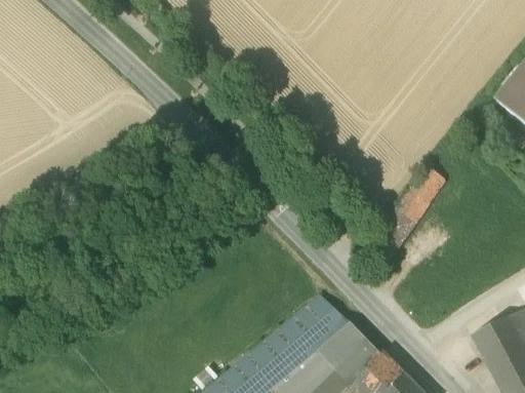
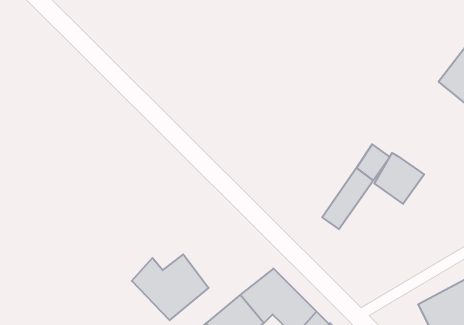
building: none -> [374,153,424,204]
building: none -> [132,254,209,320]

